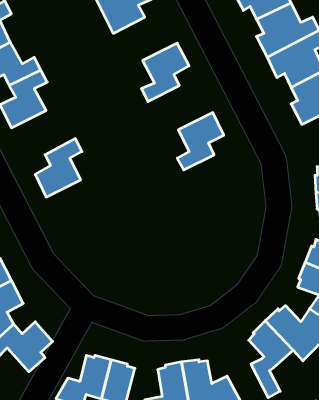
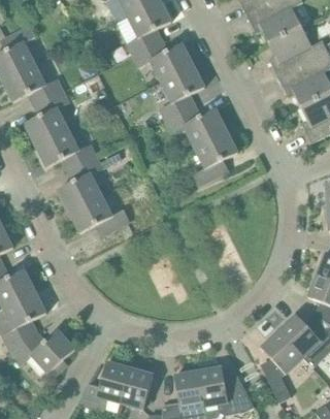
building: none -> [132,40,193,82]
building: none -> [165,105,227,148]
building: none -> [35,129,96,171]
building: none -> [68,195,129,236]

